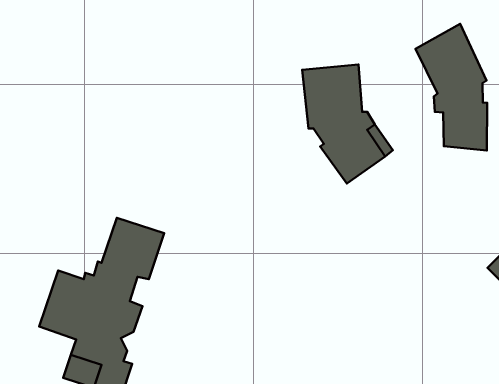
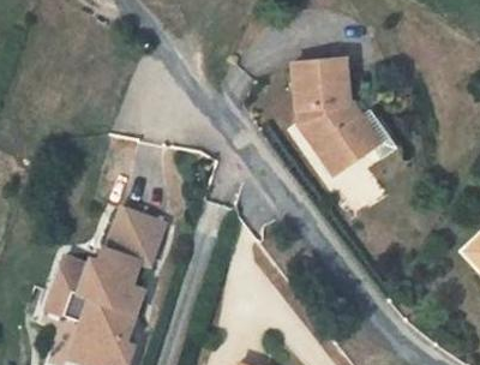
building: [416,24,487,150] -> none

